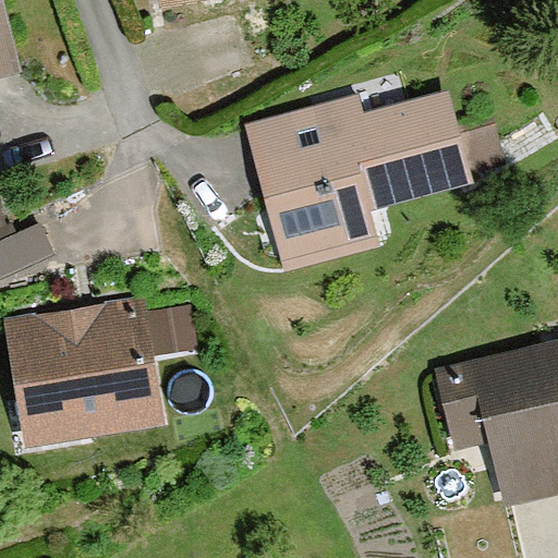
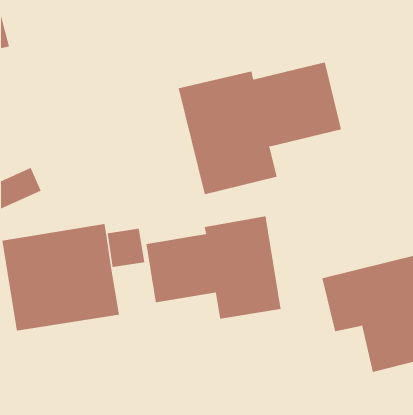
building: none -> [146,216,281,320]

